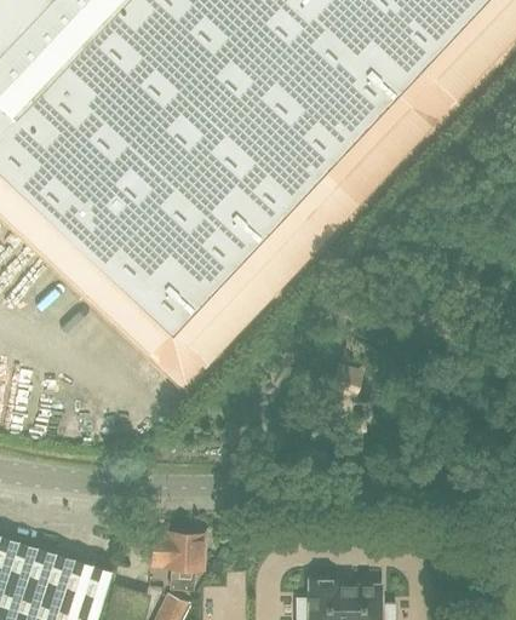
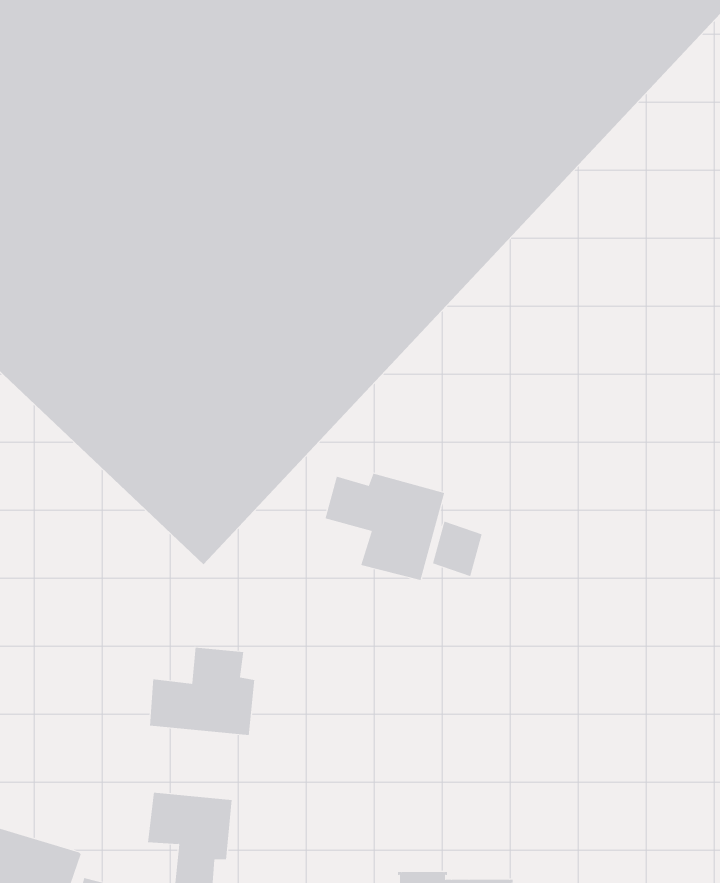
building: none -> [325,473,445,581]
building: none -> [149,647,255,736]

